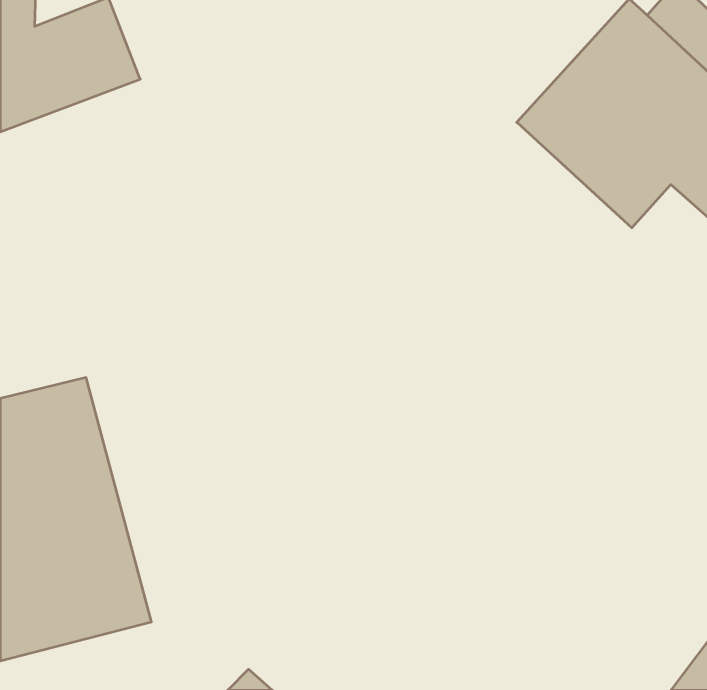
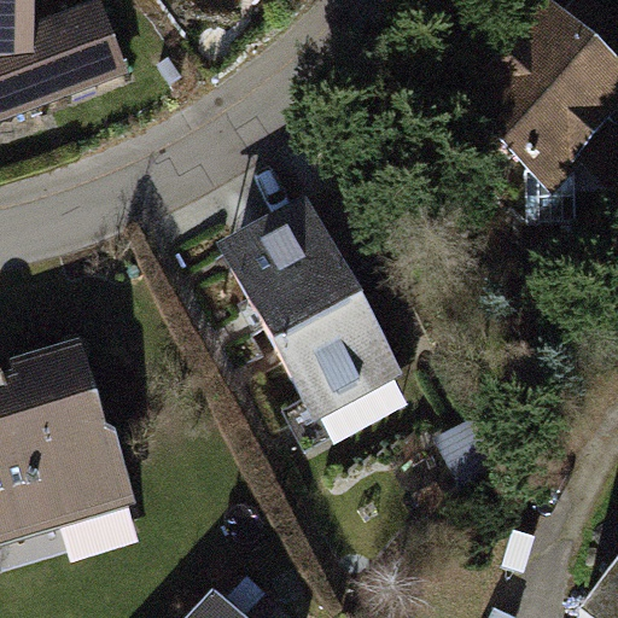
building: none -> [209,193,414,433]

